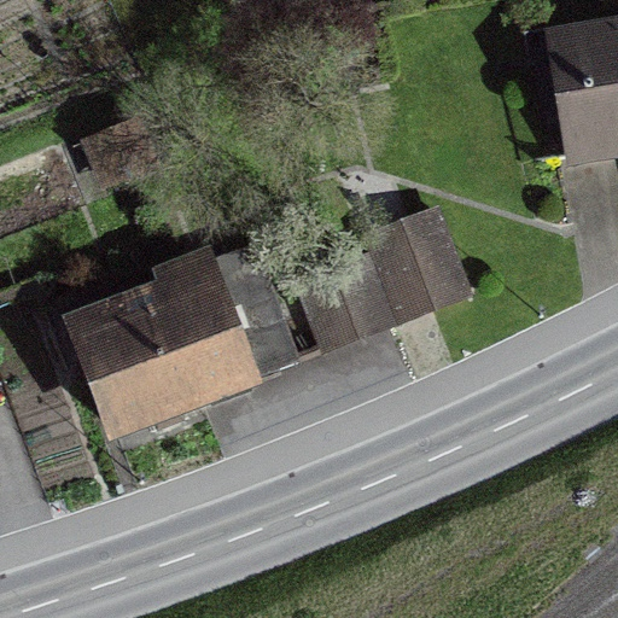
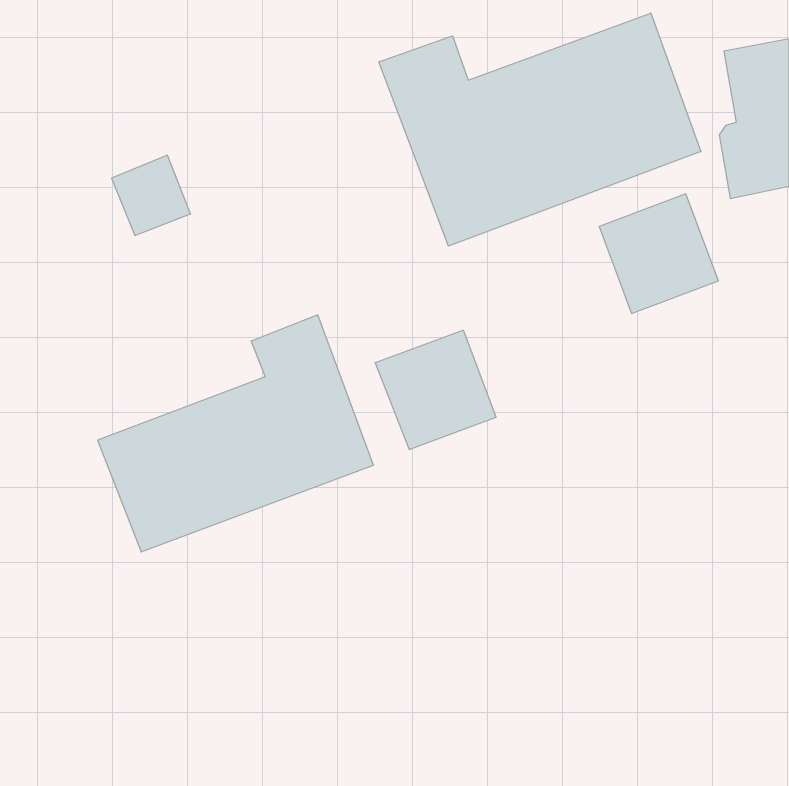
building: none -> [379,13,701,246]
building: [369,228,462,321] -> [599,194,718,313]

